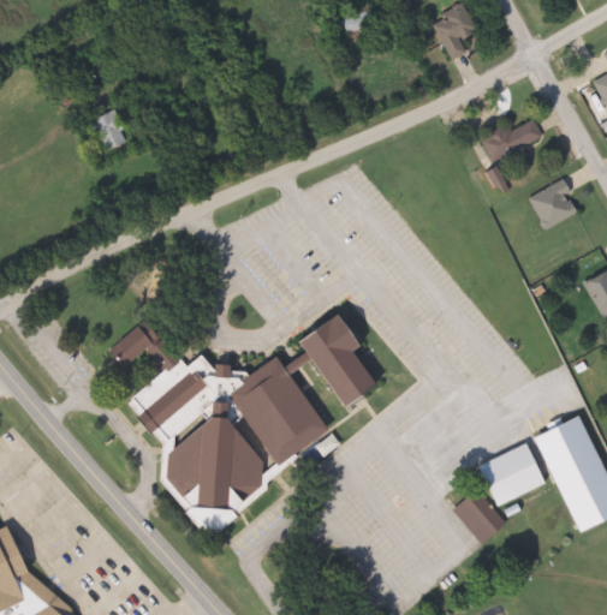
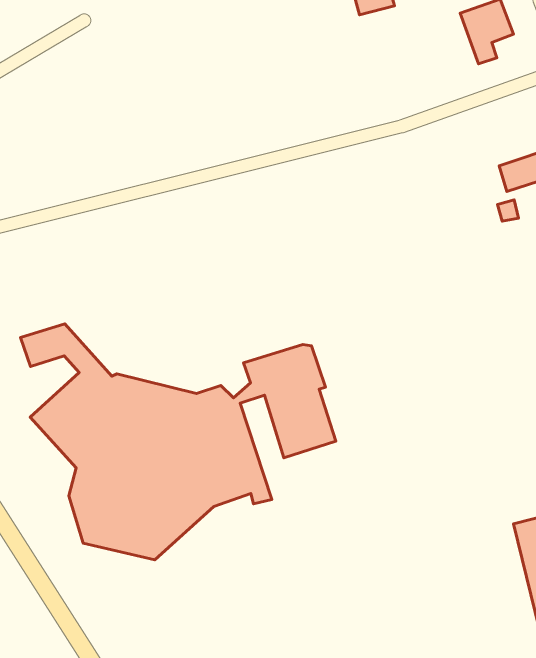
building: [89,109,129,153] -> none
building: [481,443,547,506] -> none
building: [454,497,498,544] -> none

